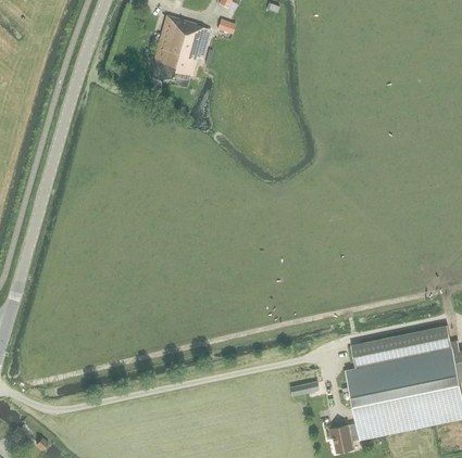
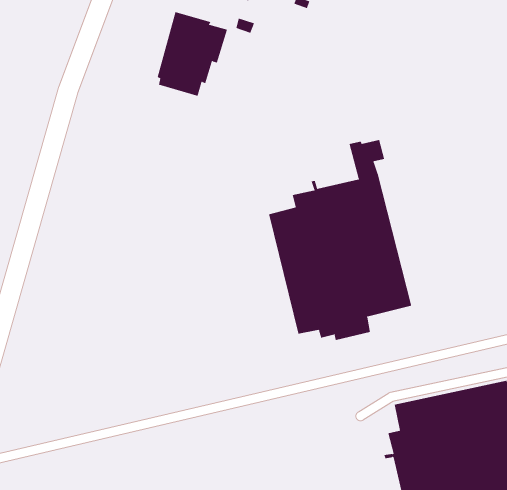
building: none -> [268,139,412,341]

